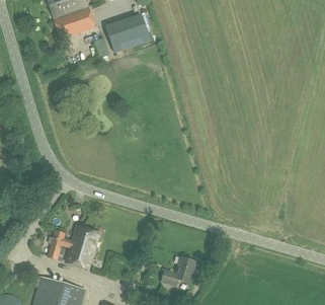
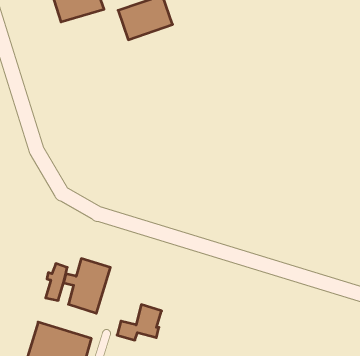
building: [161,255,196,284] -> [117,305,162,340]

